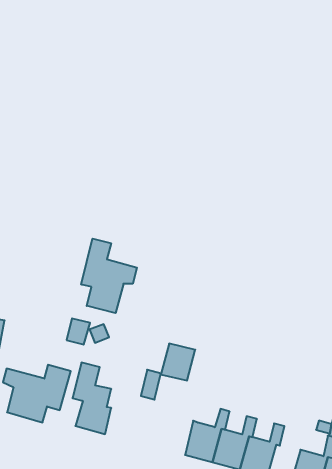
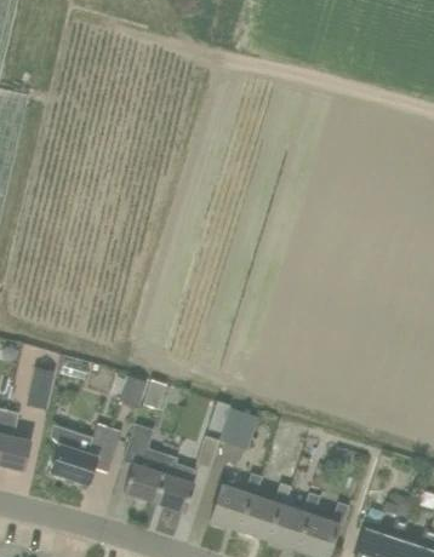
building: [81,239,137,313] -> none
building: none -> [154,453,195,511]
building: none -> [209,472,261,529]

